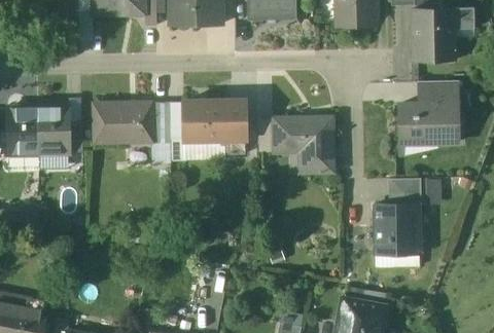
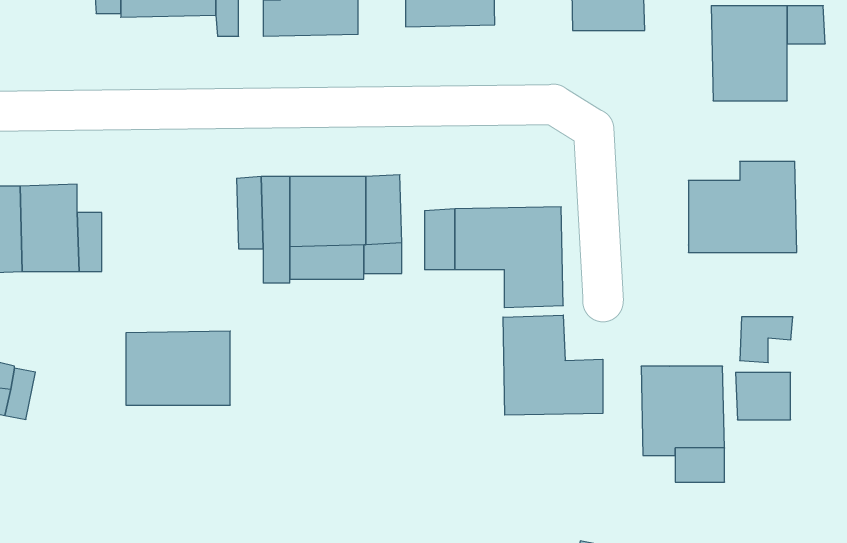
building: [419,80,458,103] -> none
building: [95,101,151,141] -> [126,331,230,405]
building: none -> [503,315,603,415]
building: [389,178,419,203] -> [736,372,791,420]

